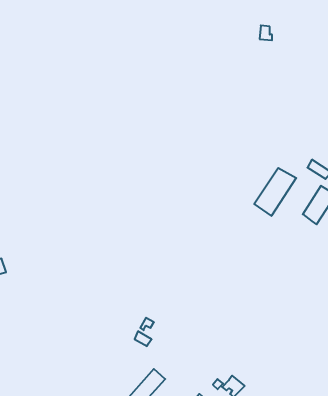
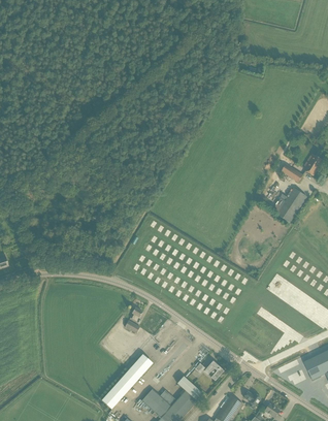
building: [254,168,296,216] -> none

